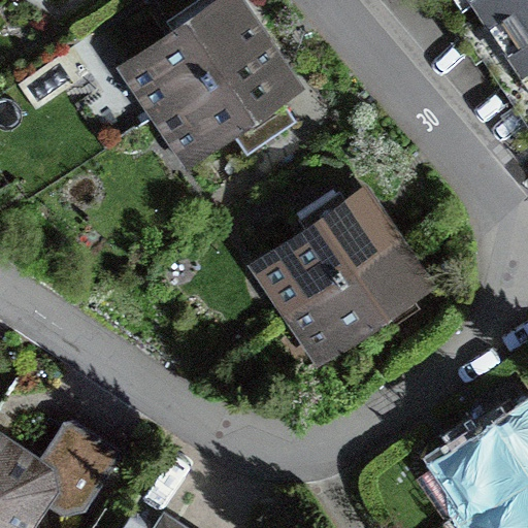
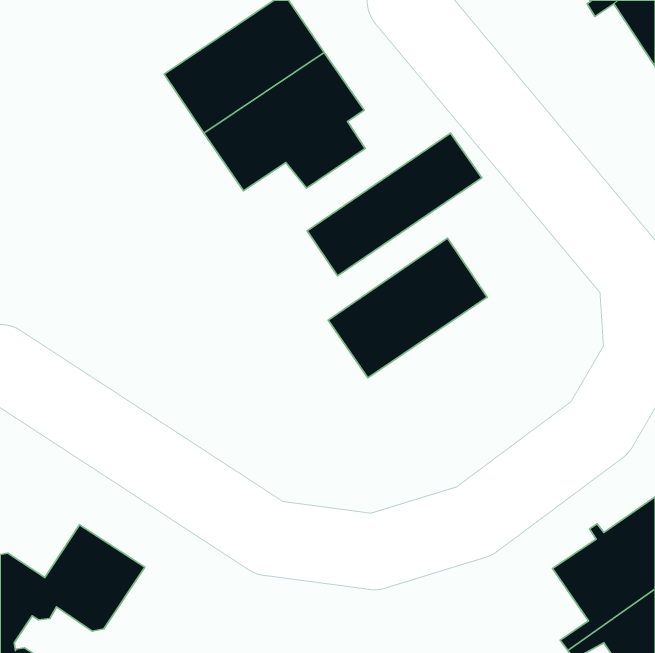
building: none -> [307,133,482,276]
building: [296,240,424,353] -> none

